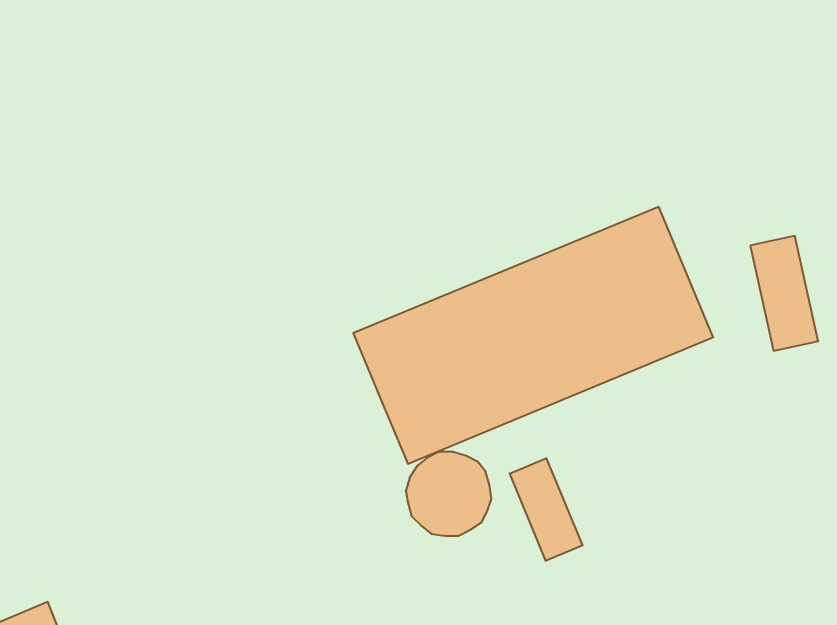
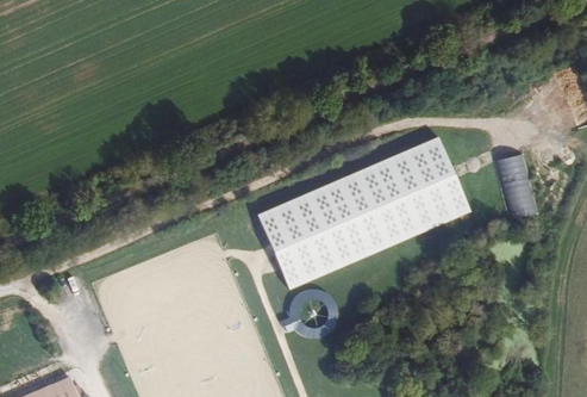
building: [510,458,582,561] -> none

